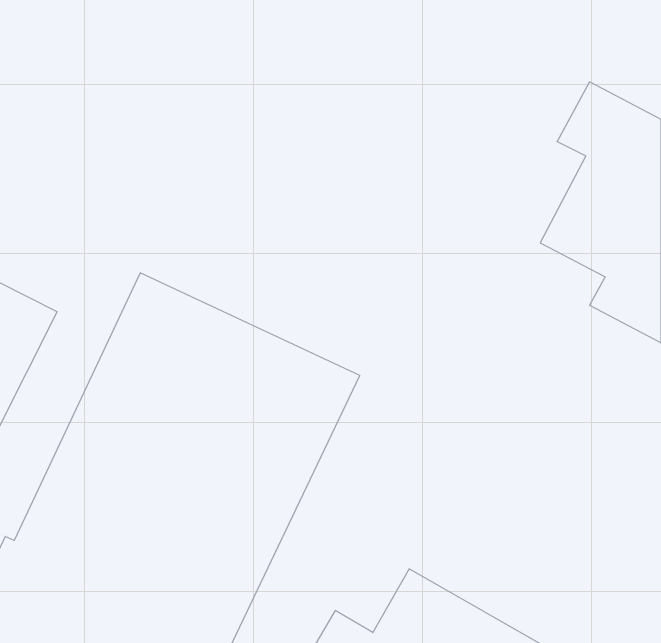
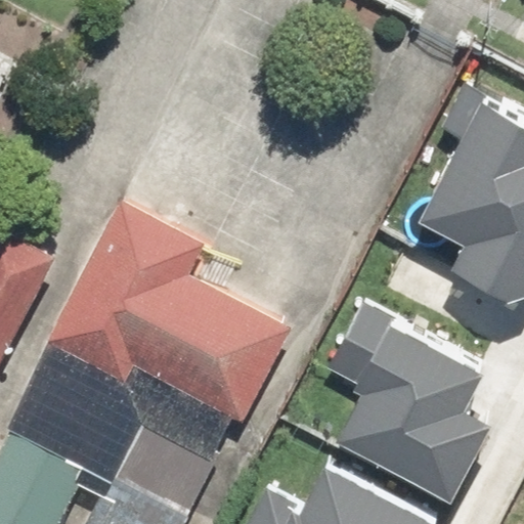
building: none -> [337,304,497,493]

